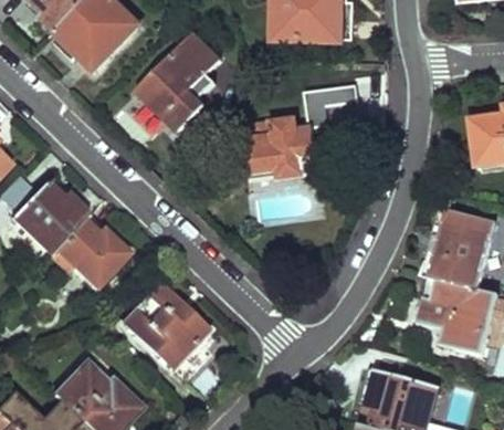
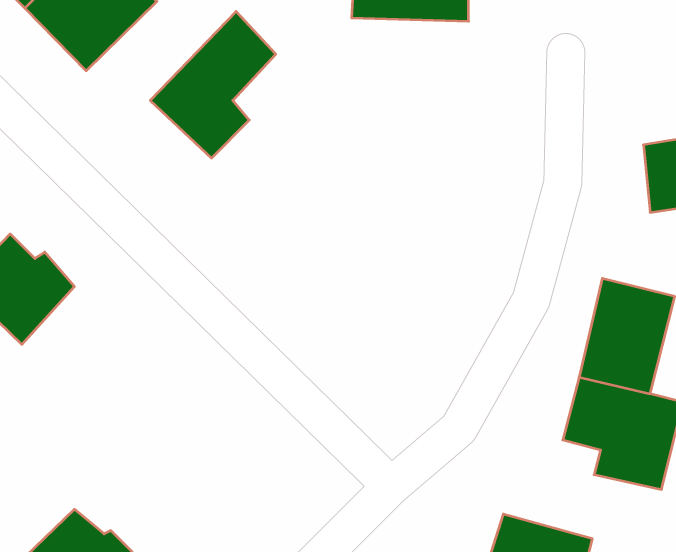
building: [250,83,361,176] -> none
building: [52,216,128,286] -> none
building: [123,283,207,369] -> none

